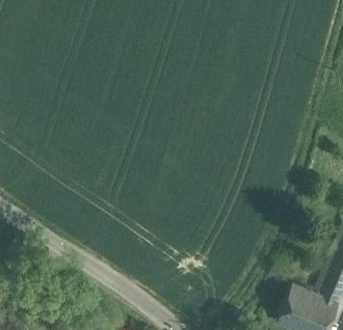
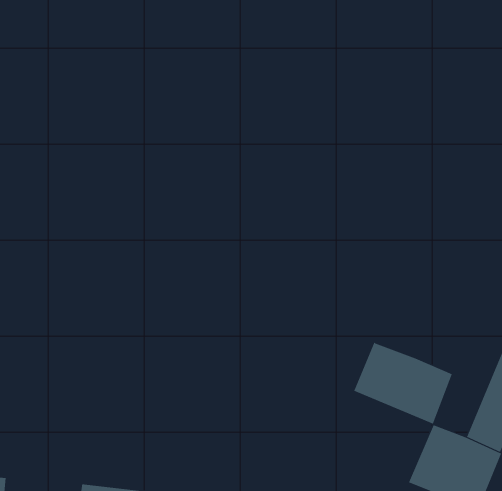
building: none -> [353,342,452,425]

